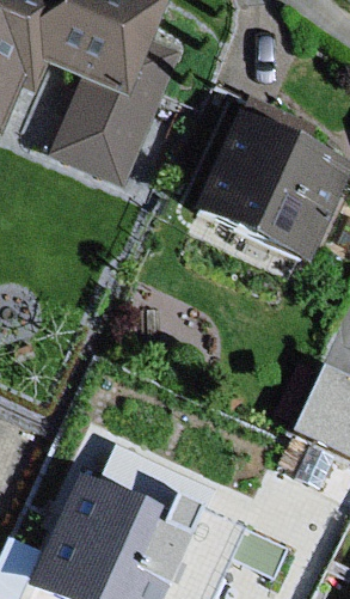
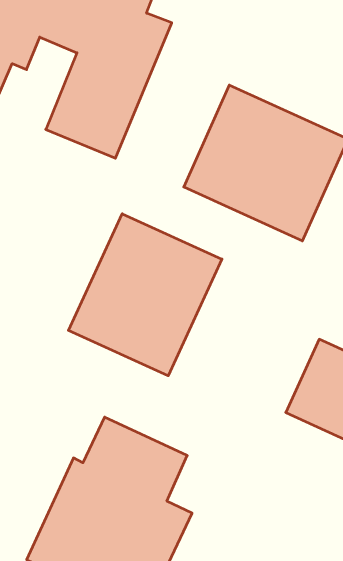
building: none -> [68,214,222,376]

